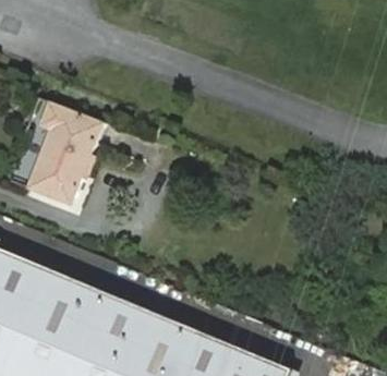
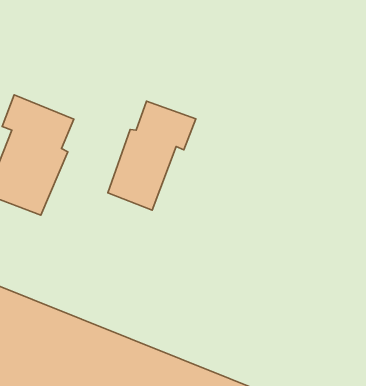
building: none -> [108,101,196,210]

